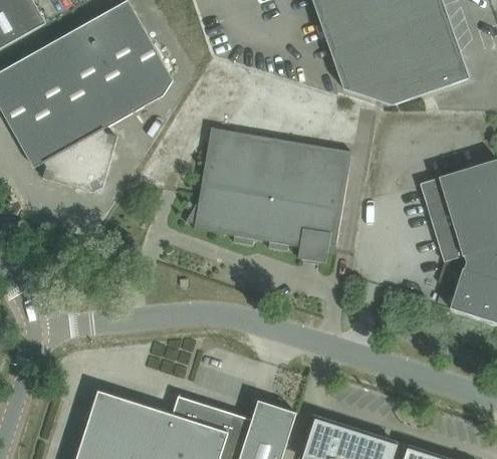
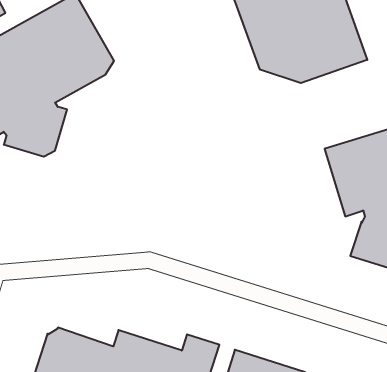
building: [186,128,351,262] -> none

